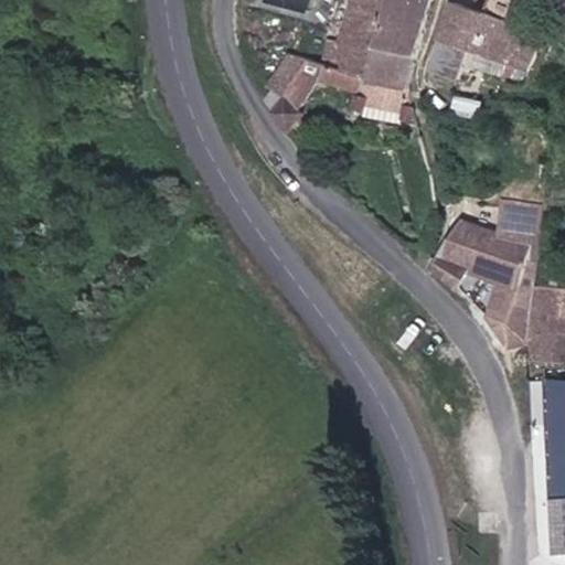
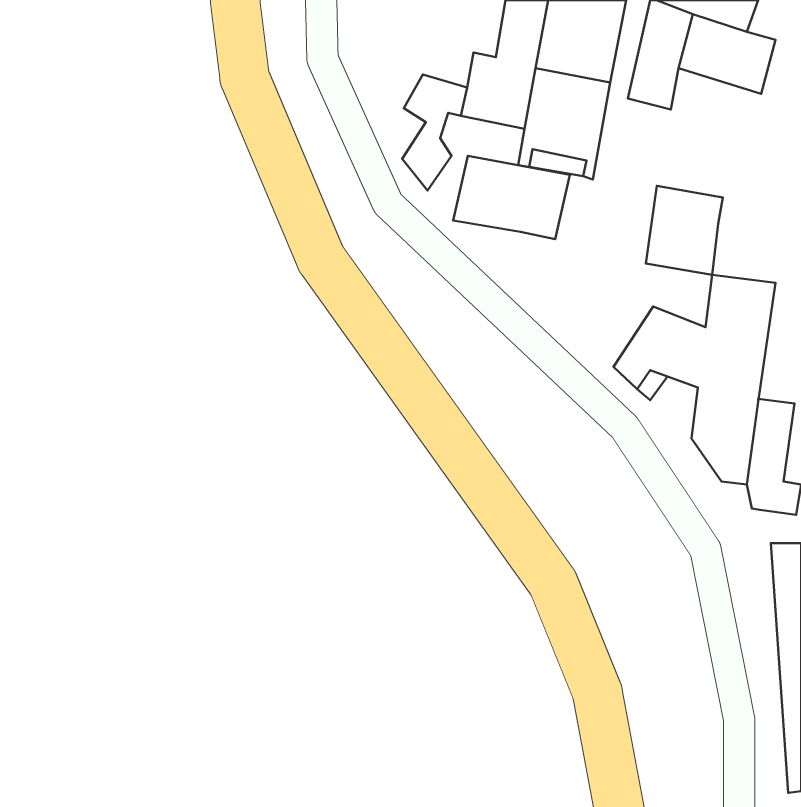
building: none -> [453,156,570,239]
building: none -> [646,186,723,275]

